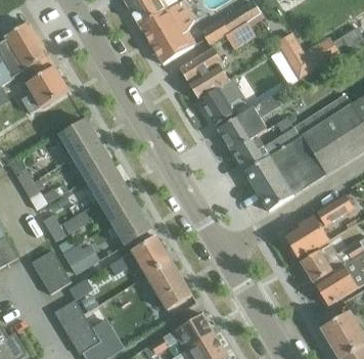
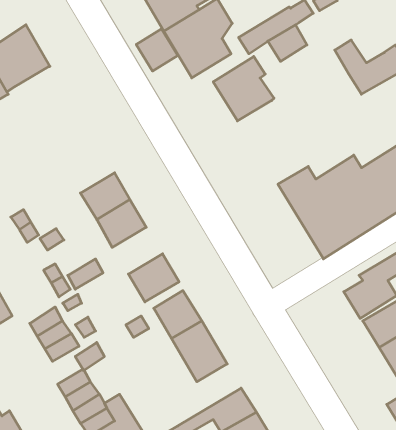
building: none -> [136,29,178,71]
building: [19,55,69,114] -> none
building: [199,80,240,125] -> none
building: [219,95,279,150] -> none
building: [59,119,100,158] -> none
building: [98,185,139,223] -> none

